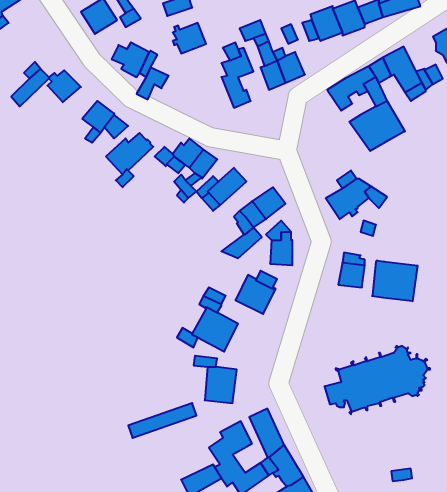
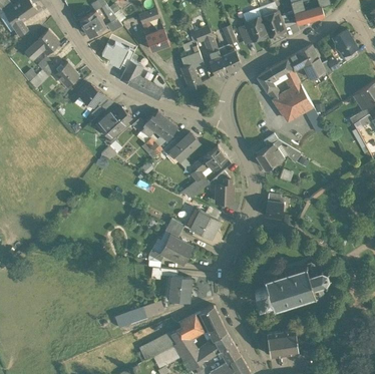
building: none -> [26,30,59,57]
building: none -> [127,72,162,99]
building: [372,260,418,301] -> none
building: none -> [267,329,299,356]
building: none -> [139,334,179,360]

